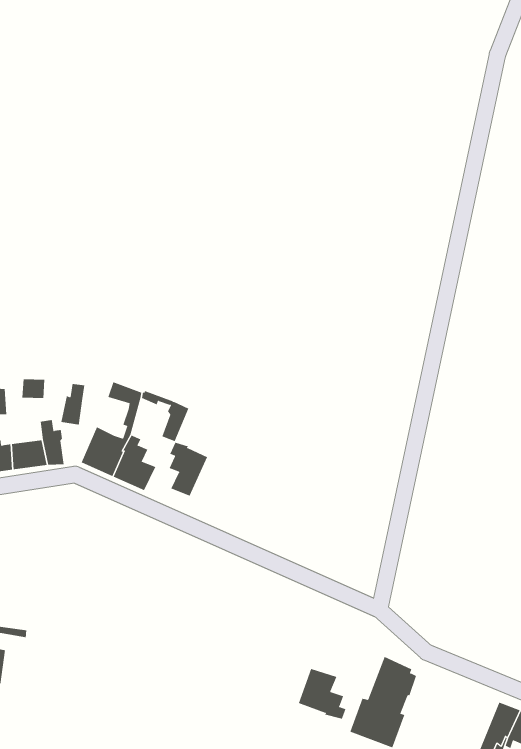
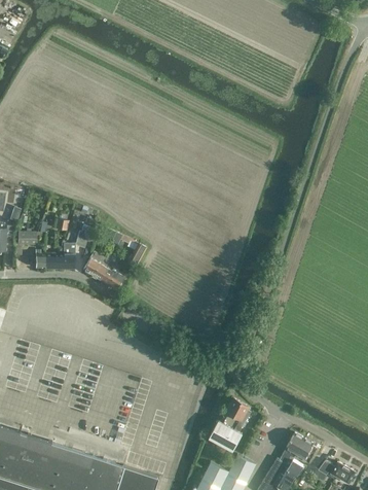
building: [169,442,208,497] -> none
building: [298,668,346,720] -> none

